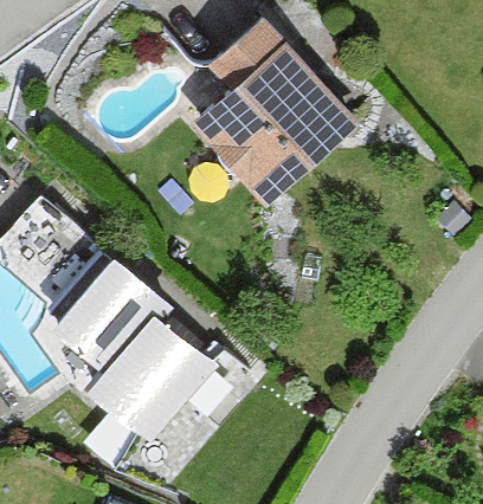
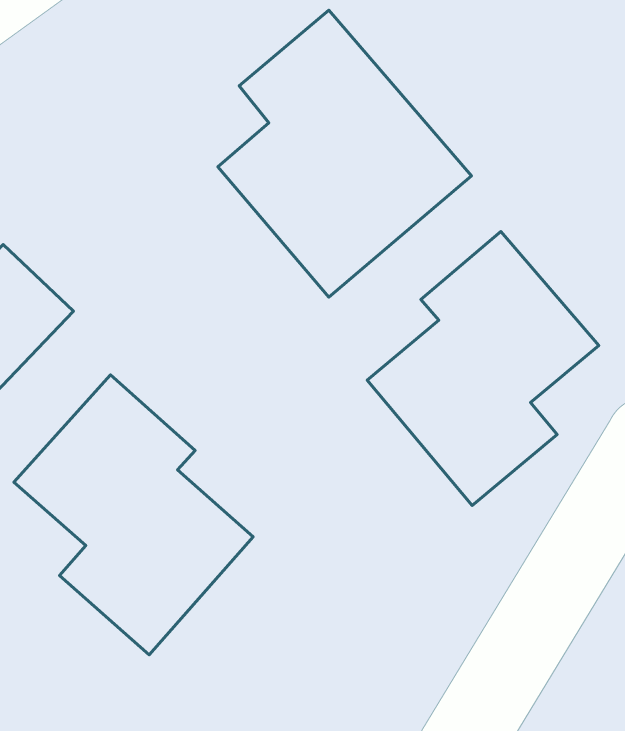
building: none -> [367,231,599,506]

